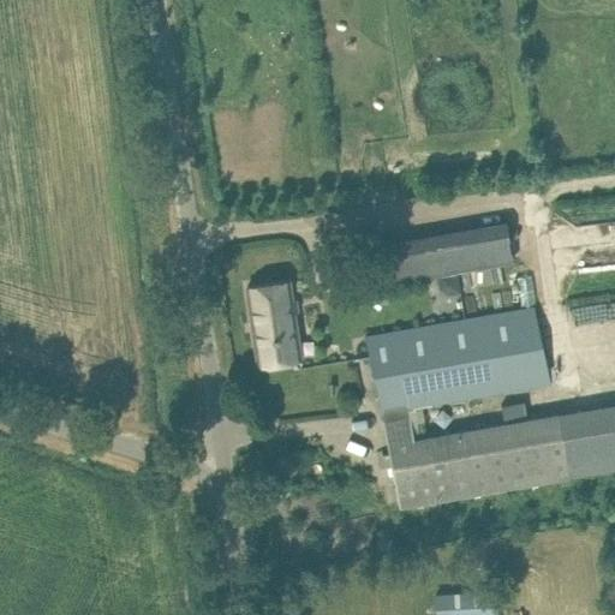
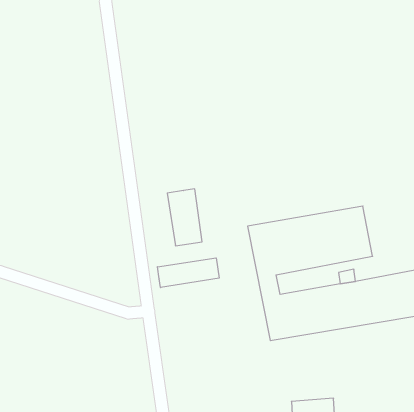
building: [357,225,514,291] -> none
building: none -> [157,258,219,288]

